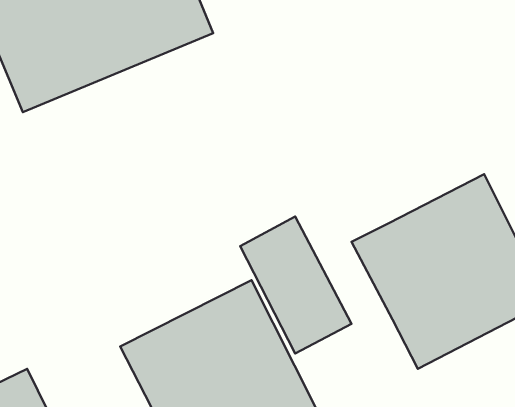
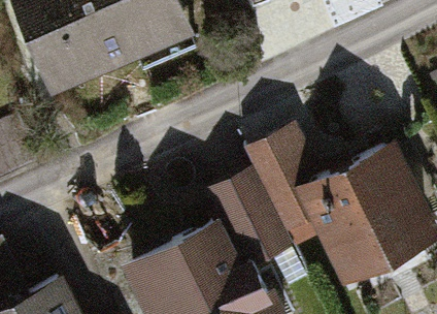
building: none -> [248,132,325,258]

